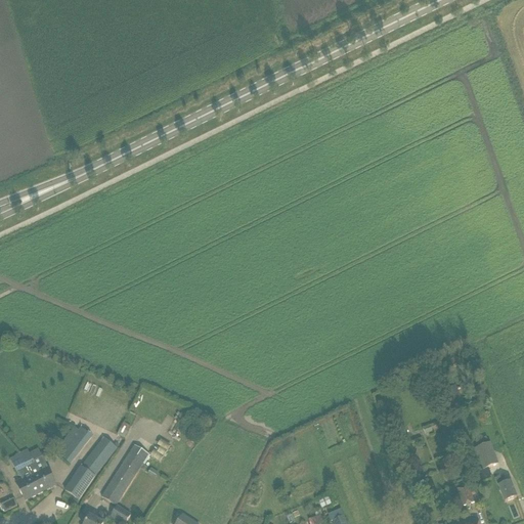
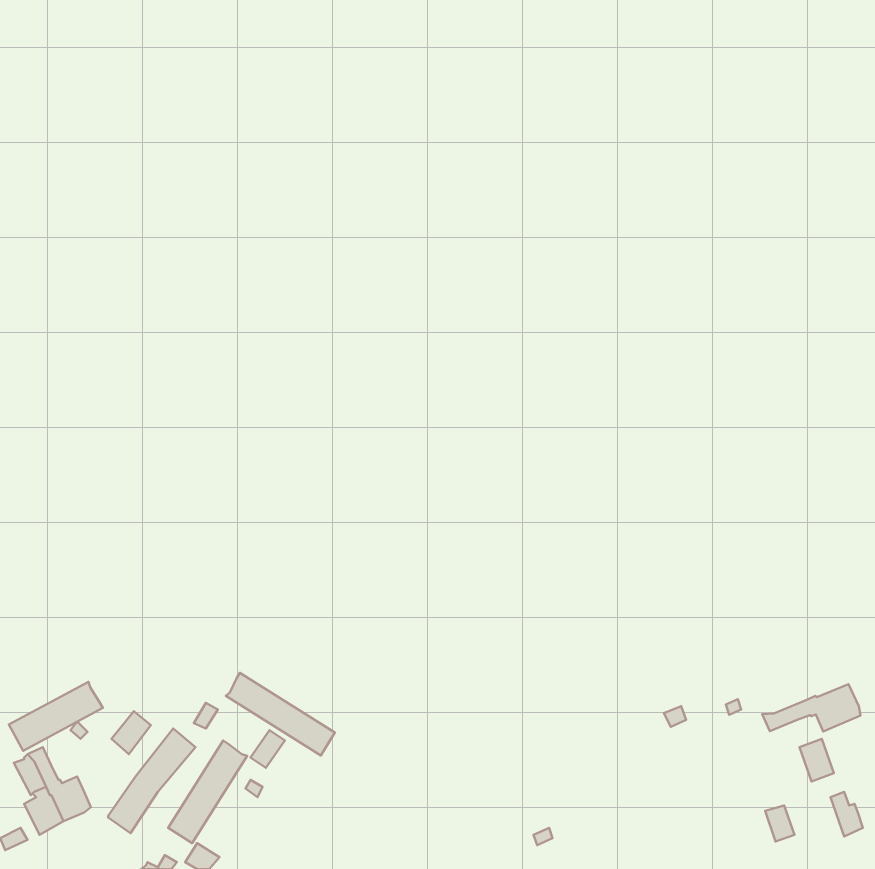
building: none -> [226,673,335,755]
building: none -> [9,682,103,751]
building: none -> [762,684,861,732]

